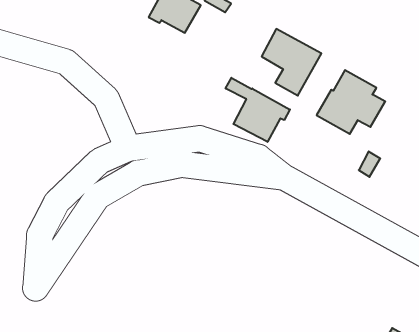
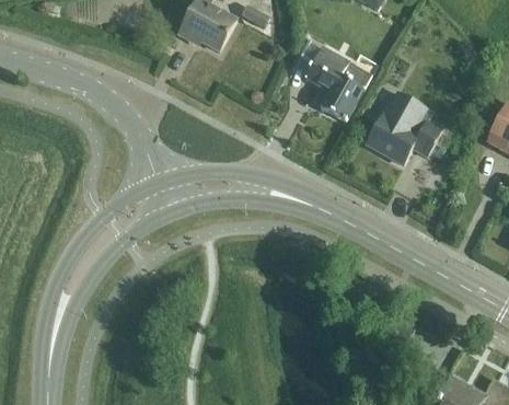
building: [226,78,290,142] -> none

